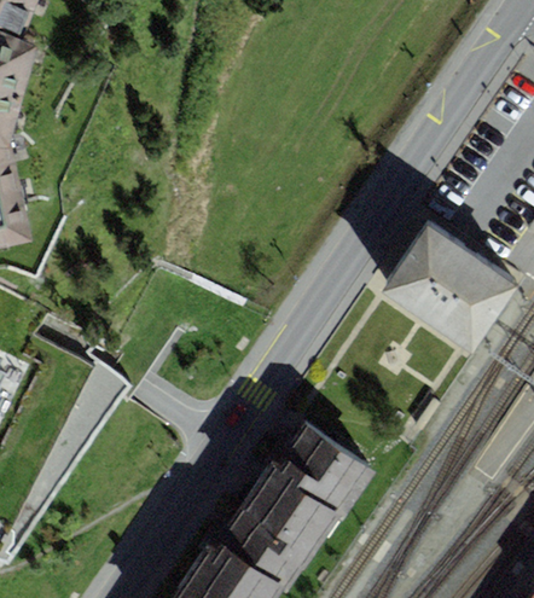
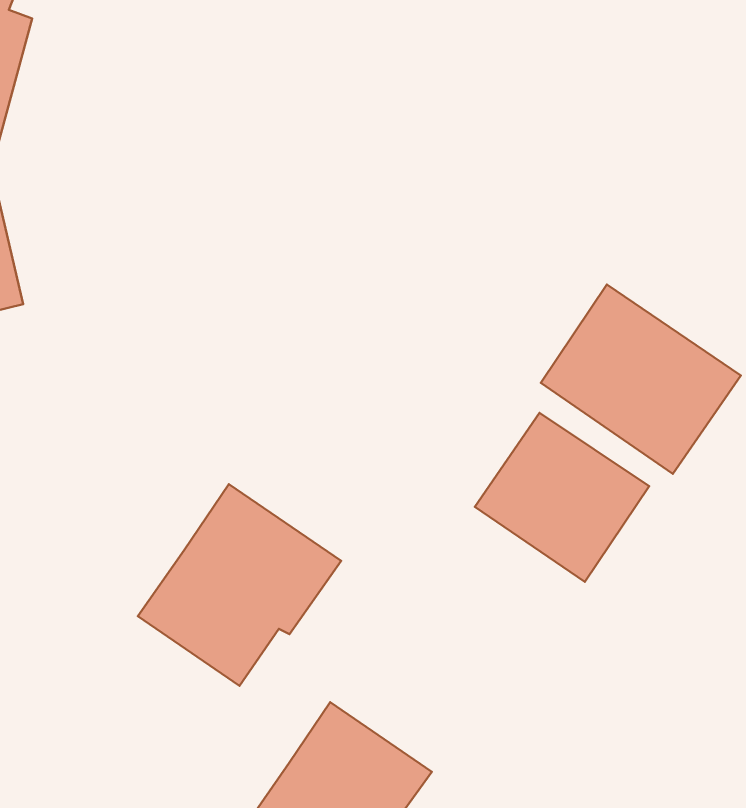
building: none -> [475,413,649,582]
building: [238,420,376,557] -> [138,484,341,686]

